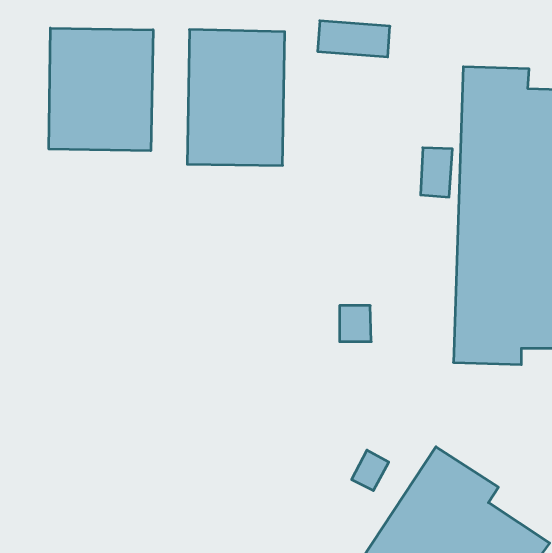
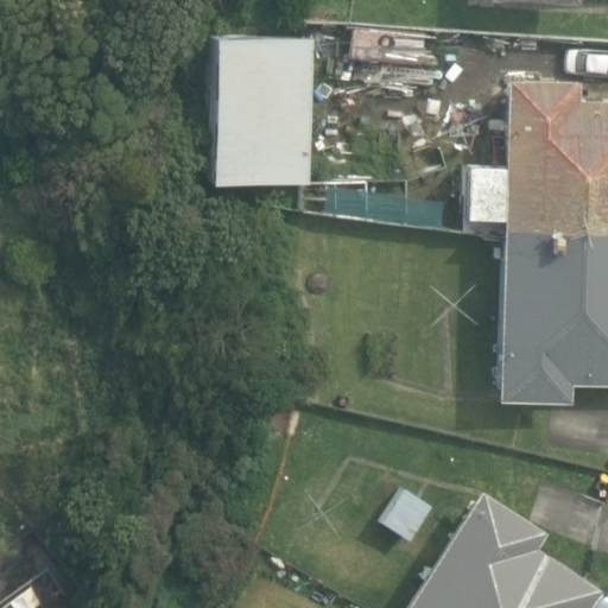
building: [49,28,153,151] -> none

